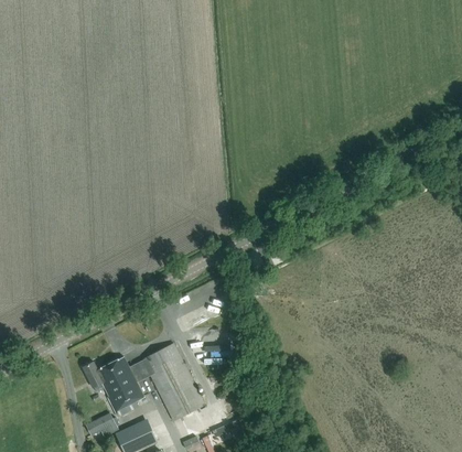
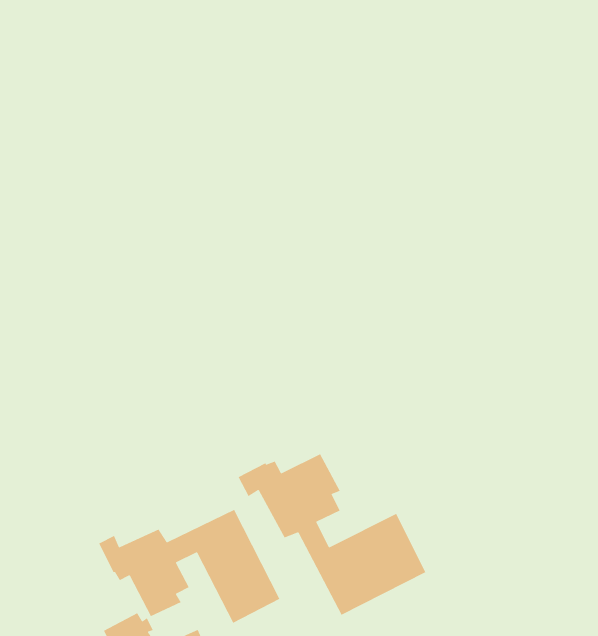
building: none -> [238,453,426,616]

